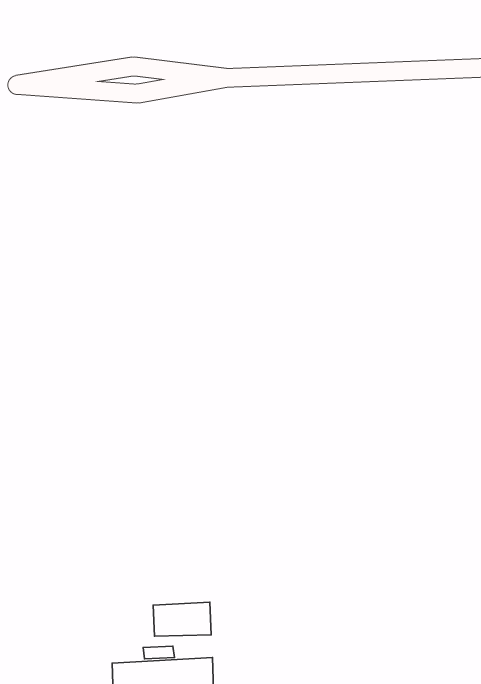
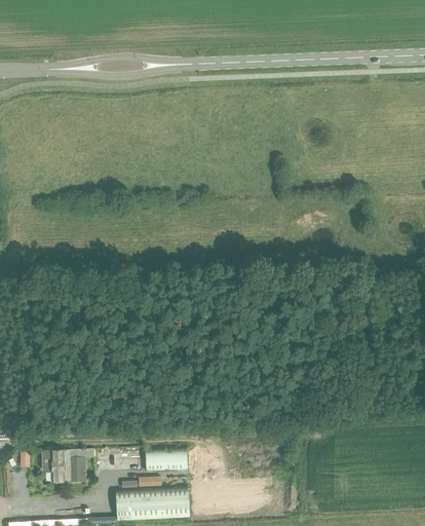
building: none -> [41,448,93,484]

